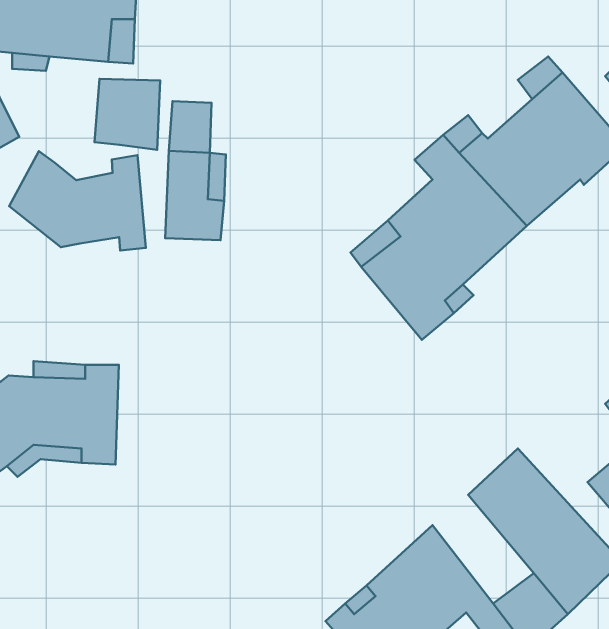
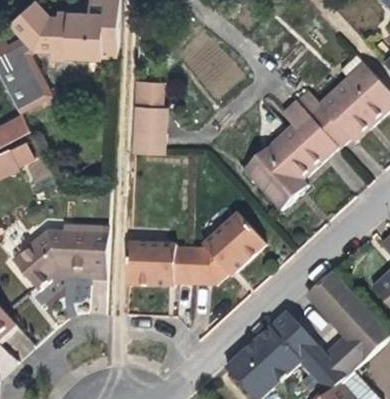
building: [94,79,160,150] -> none
building: [9,151,146,251] -> none
building: none -> [128,211,267,286]

